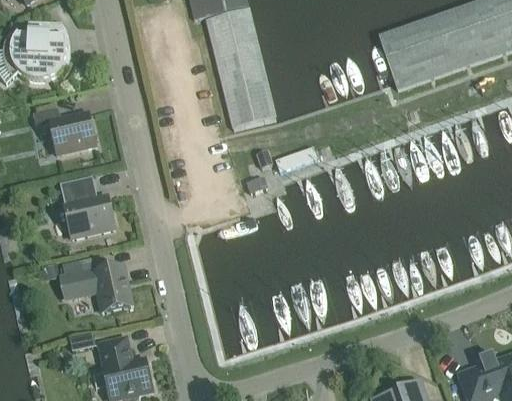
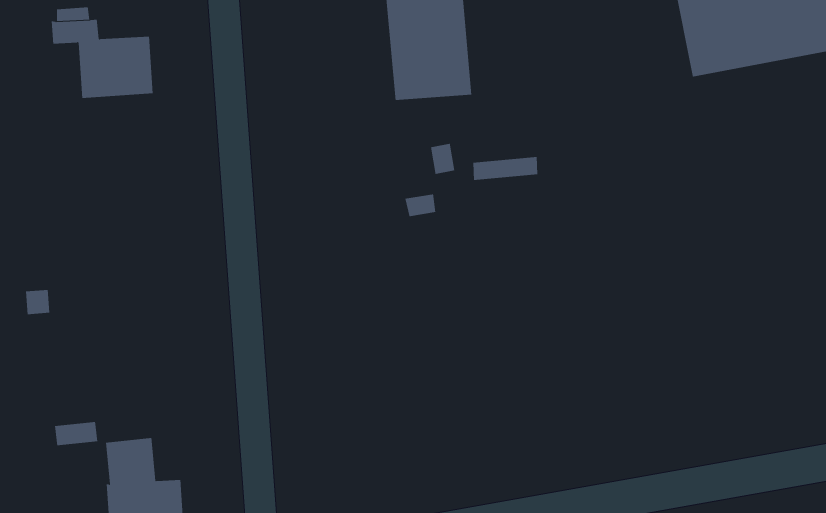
building: [59,176,115,238] -> none
building: [62,255,132,312] -> none

